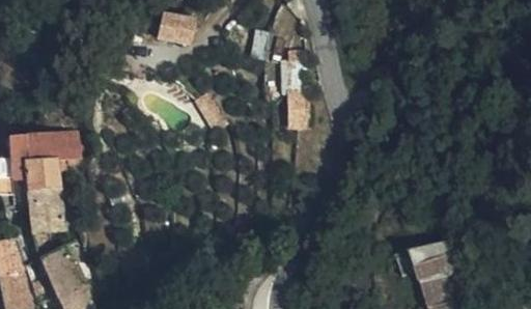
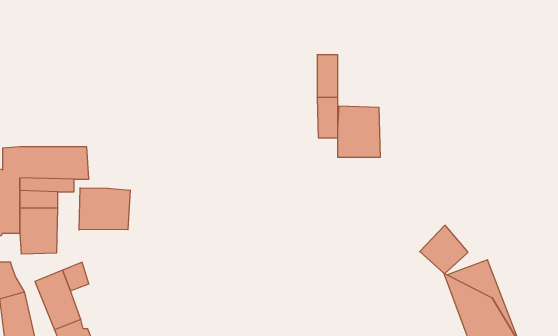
building: [155,13,192,44] -> none
building: none -> [338,106,380,157]
building: none -> [79,188,130,230]
building: none -> [420,225,468,274]

